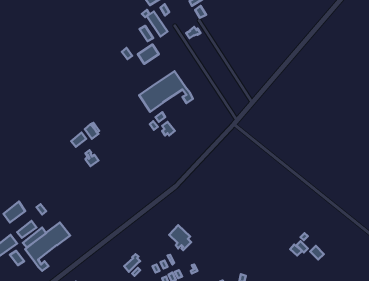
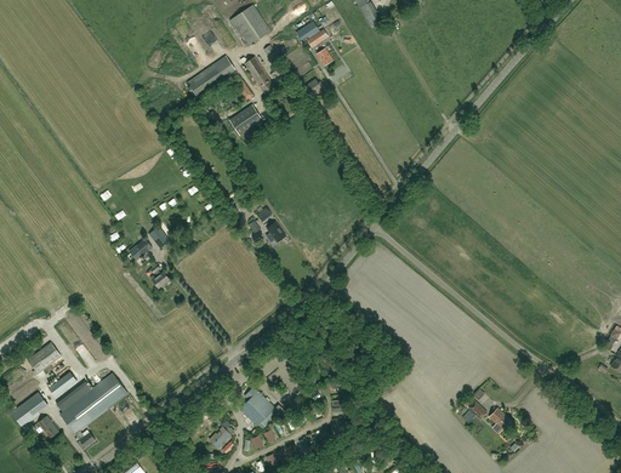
building: none -> [187,56,235,95]
building: [139,71,193,112] -> none
building: [169,225,191,250] -> [243,391,275,428]

